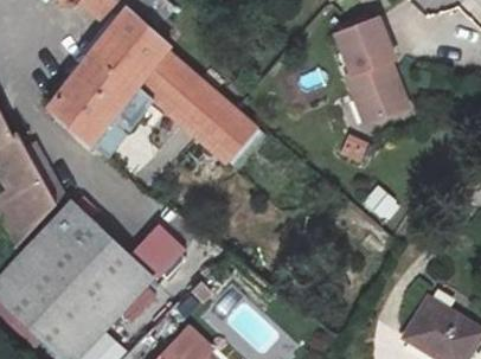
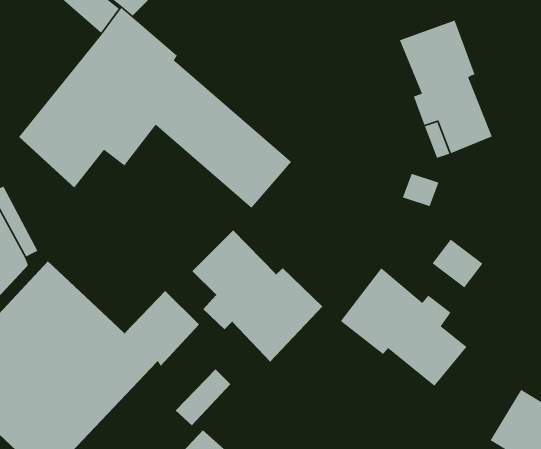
building: none -> [191,230,323,363]
building: none -> [340,267,467,387]

